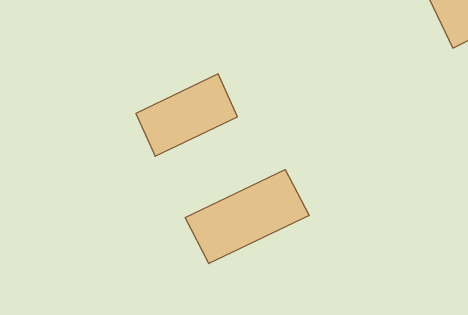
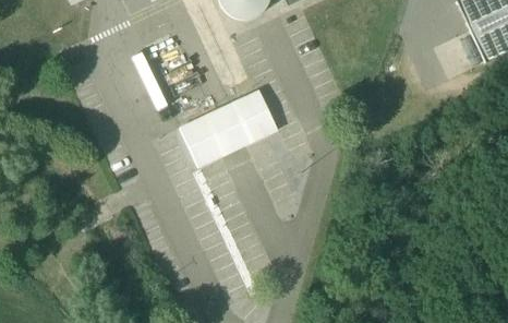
building: [185,170,309,264] -> none

